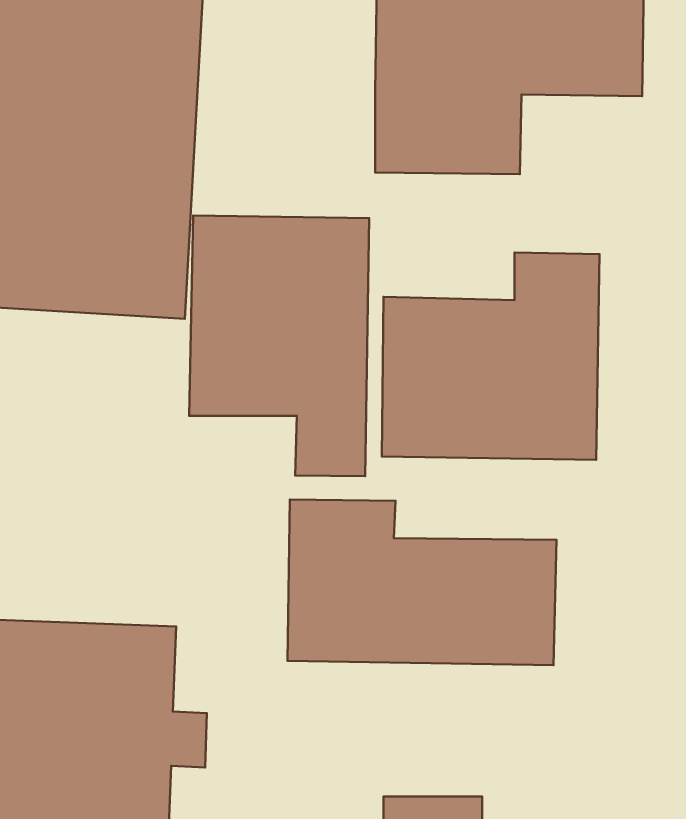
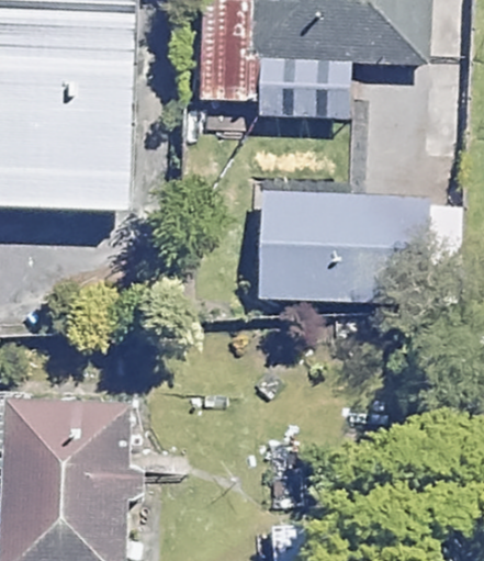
building: [189,216,369,476] -> none
building: [287,500,556,665] -> none

